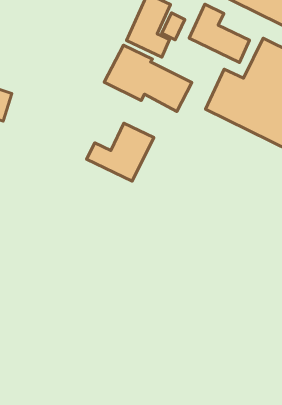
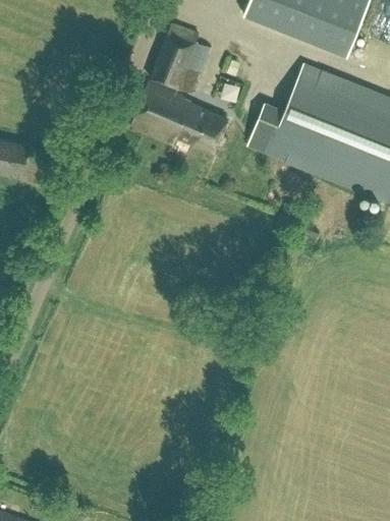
building: [189,4,250,62] -> none
building: [87,123,154,181] -> none

